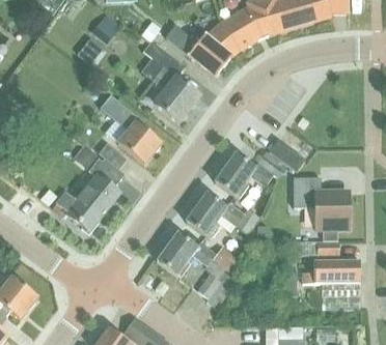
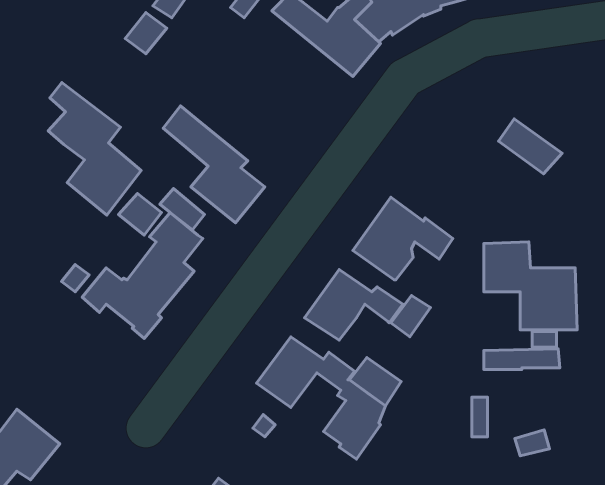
building: [143,44,199,123] -> [48,82,141,215]
building: [271,138,309,171] -> [499,119,562,174]
building: [302,258,361,281] -> none

